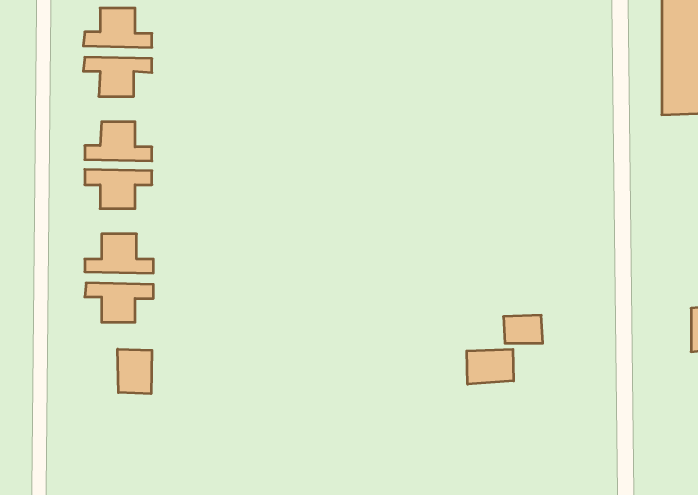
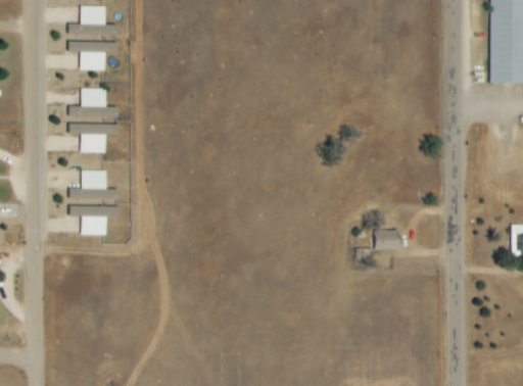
building: [118,349,152,394] -> none
building: [467,349,514,384] -> none

